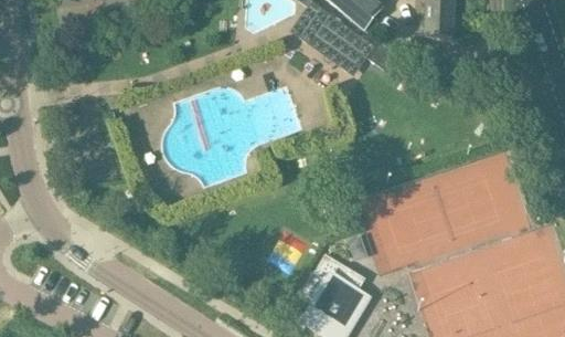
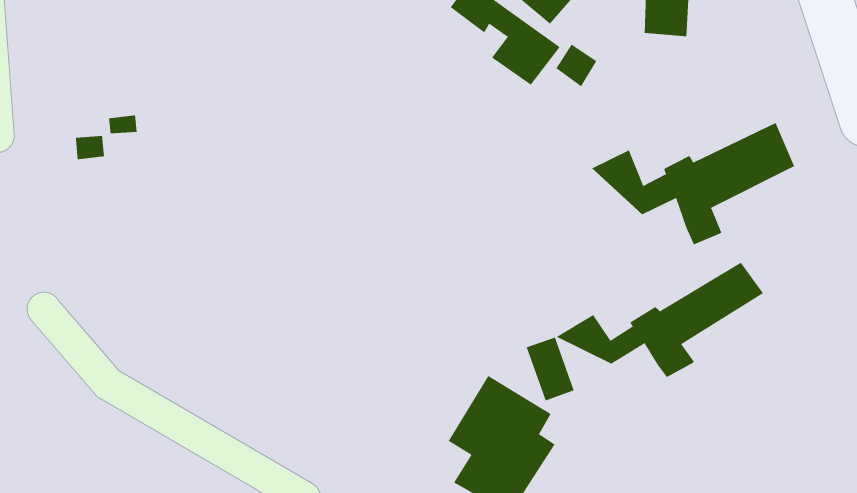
building: none -> [591,122,795,247]
building: none -> [556,262,764,379]

